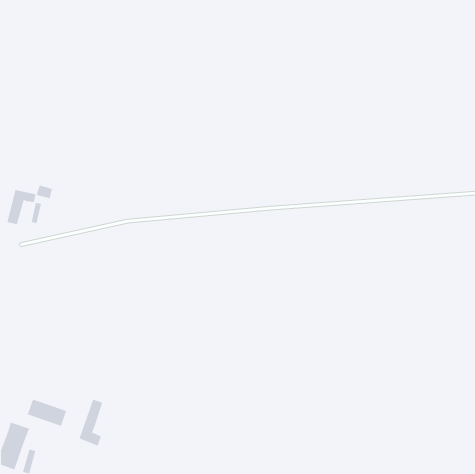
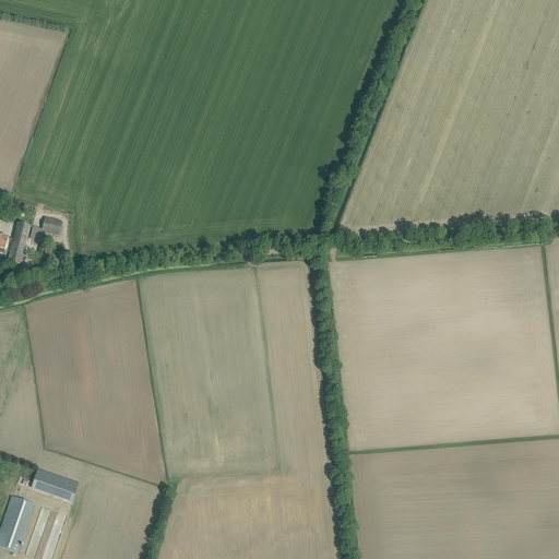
building: [79,399,103,446] -> none

